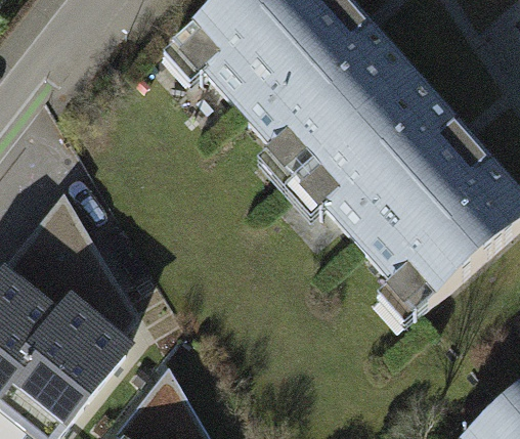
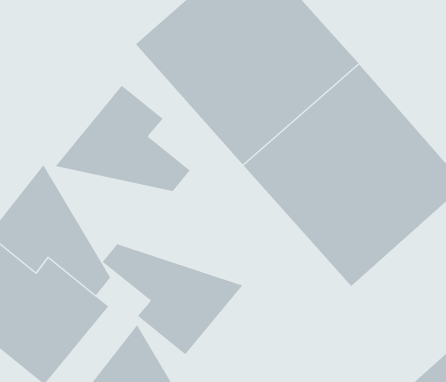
building: none -> [55,85,190,192]
building: none -> [102,243,243,355]

